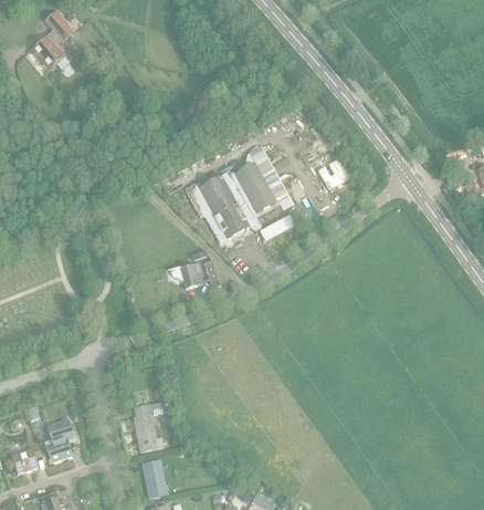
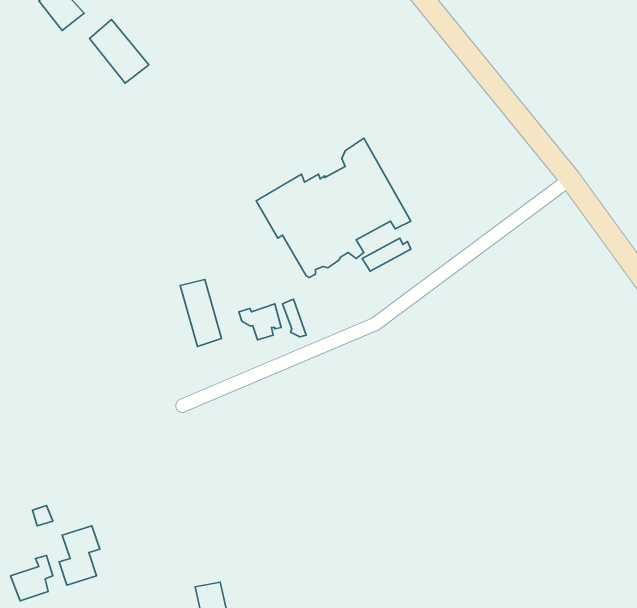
building: none -> [89,19,149,83]
building: none -> [180,279,221,346]
building: [133,402,164,451] -> none

